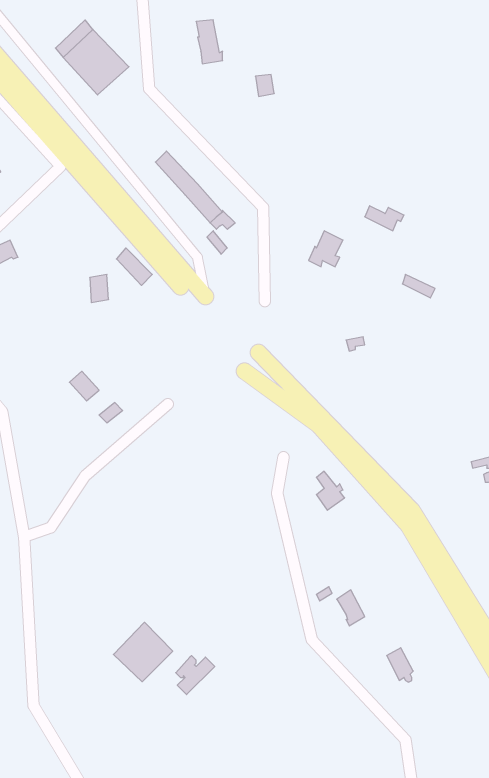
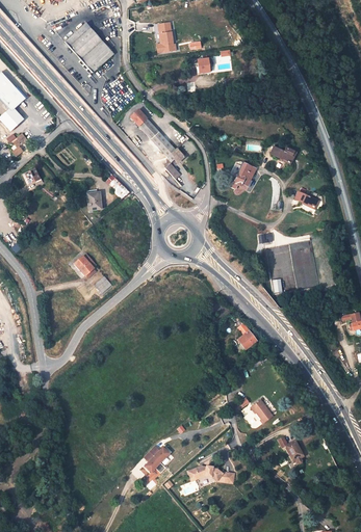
building: none -> [290,239,315,276]
building: [113,622,173,682] -> none
building: none -> [189,466,235,484]

